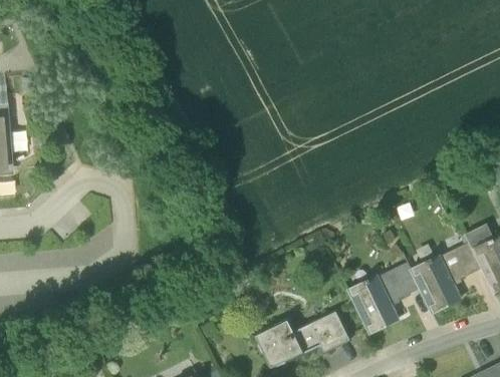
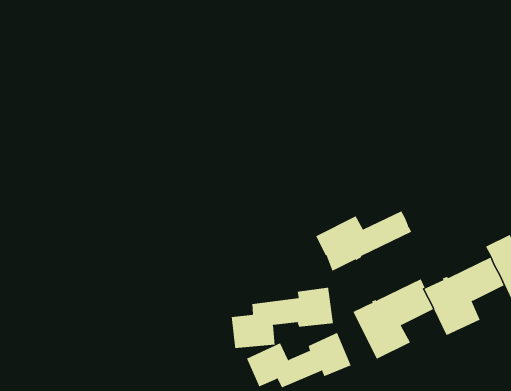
building: none -> [316,210,412,271]
building: none -> [231,287,333,349]

